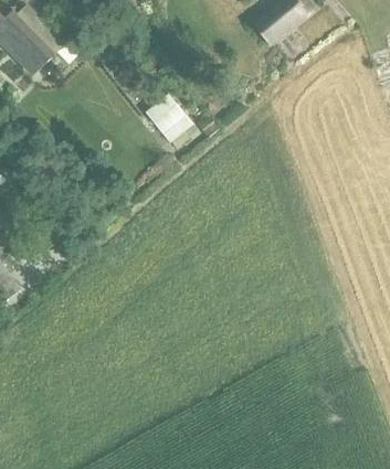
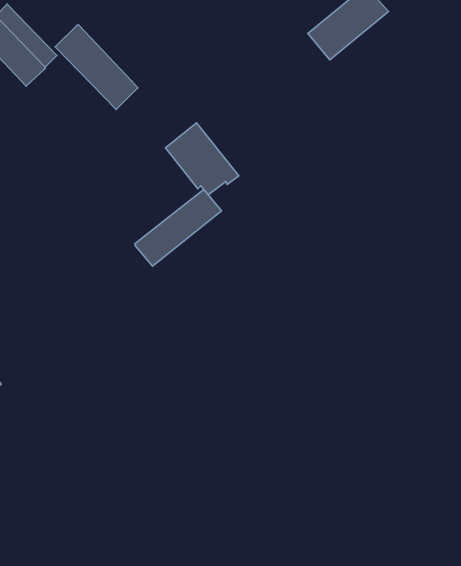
building: none -> [55,25,138,110]
building: none -> [135,189,221,266]

